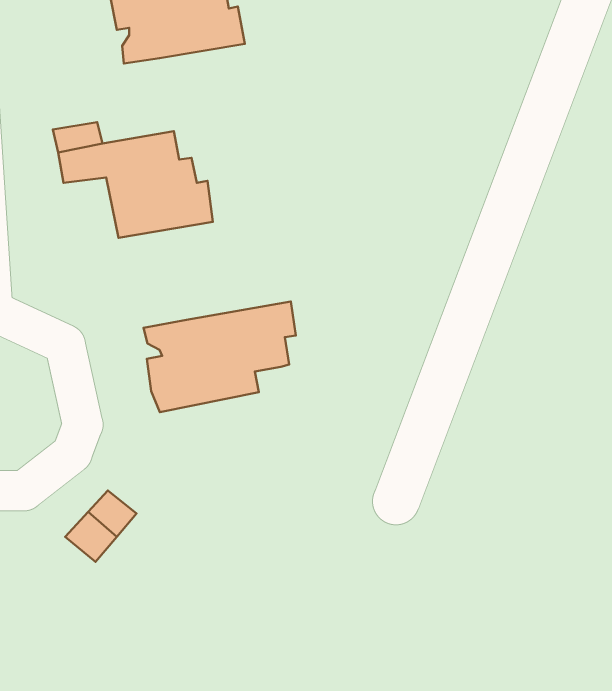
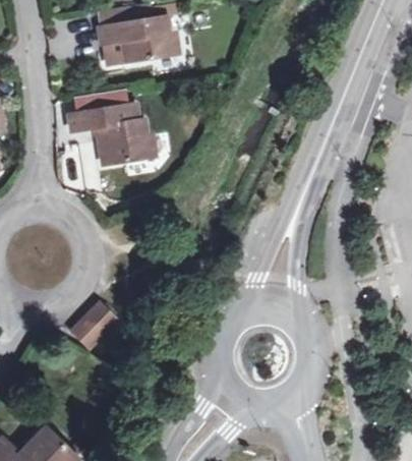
building: [143,302,296,412] -> none

